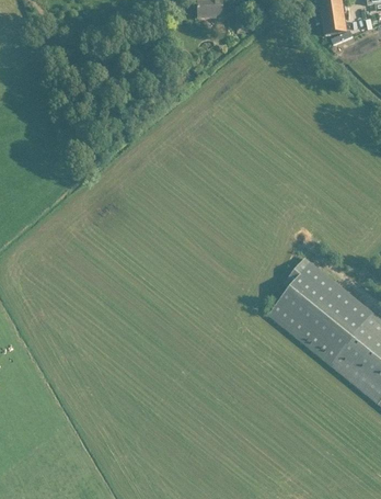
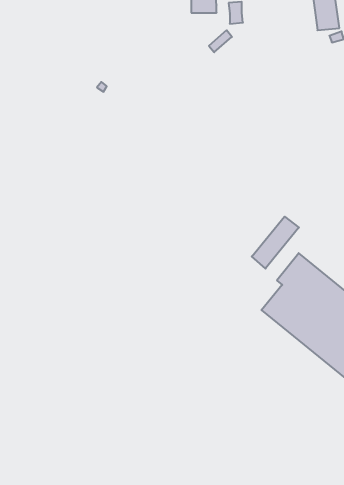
building: none -> [252,217,299,269]

